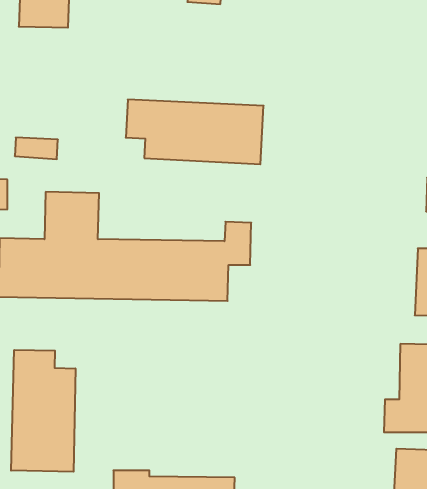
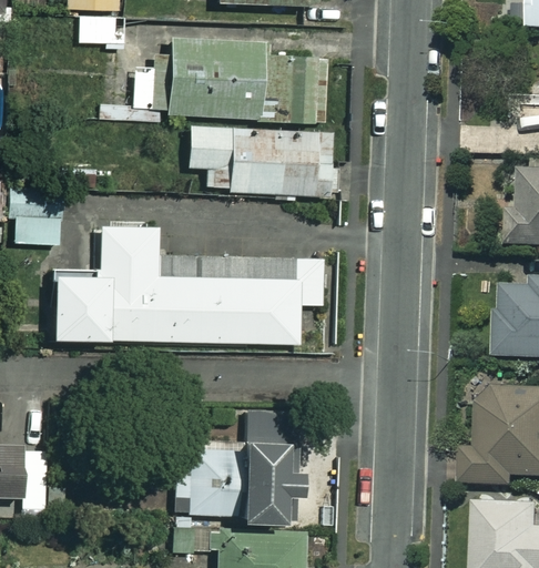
building: none -> [99,37,326,122]
building: [11,350,75,472] -> none
building: none -> [160,409,291,523]

